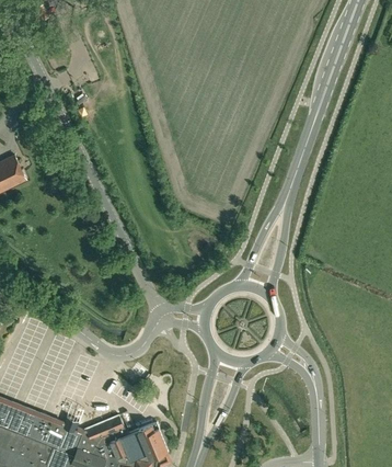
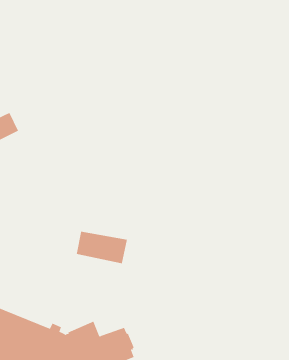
building: none -> [76,231,128,264]

